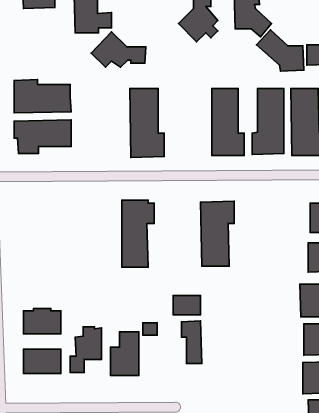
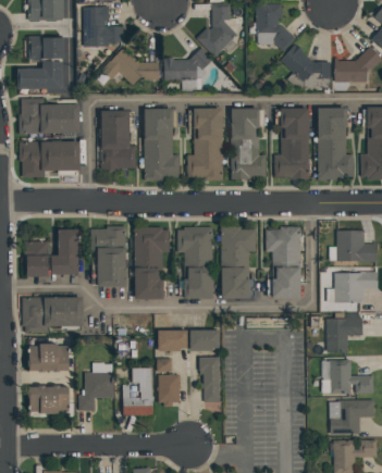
building: none -> [19,37,64,89]
building: none -> [164,48,214,80]
building: none -> [187,108,224,181]
building: none -> [101,110,137,170]
building: none -> [90,226,126,286]
building: none -> [177,226,212,298]
building: none -> [266,227,301,298]
building: none -> [26,229,79,276]
building: none -> [23,298,83,334]
building: none -> [159,329,188,350]
building: none -> [159,375,181,407]

